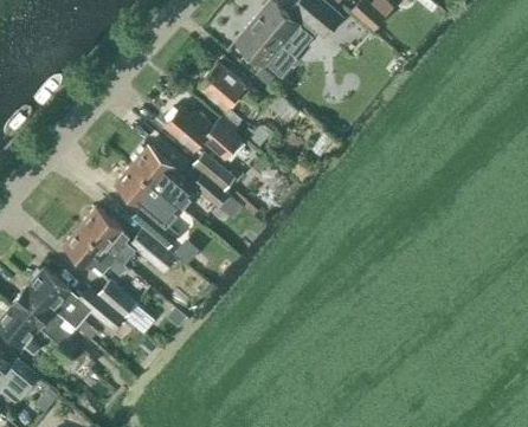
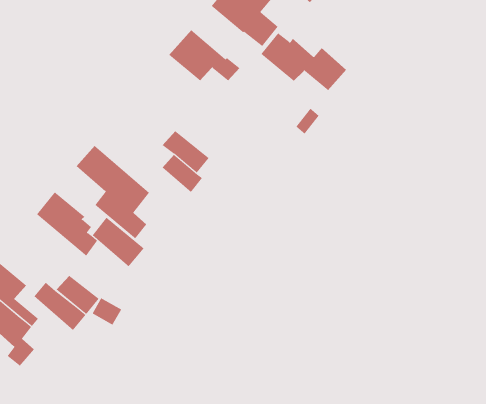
building: [166,108,243,160] -> [261,33,347,91]
building: [133,147,192,209] -> none
building: [64,228,129,277] -> none

